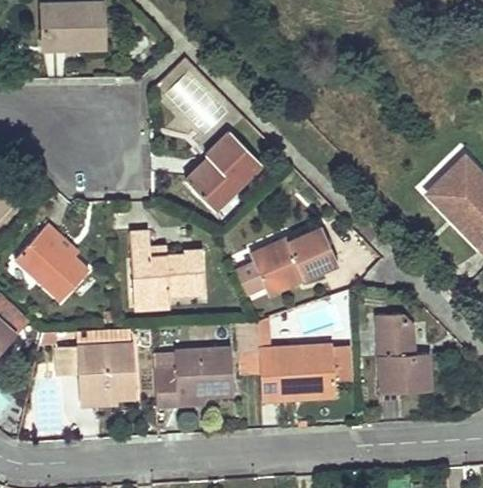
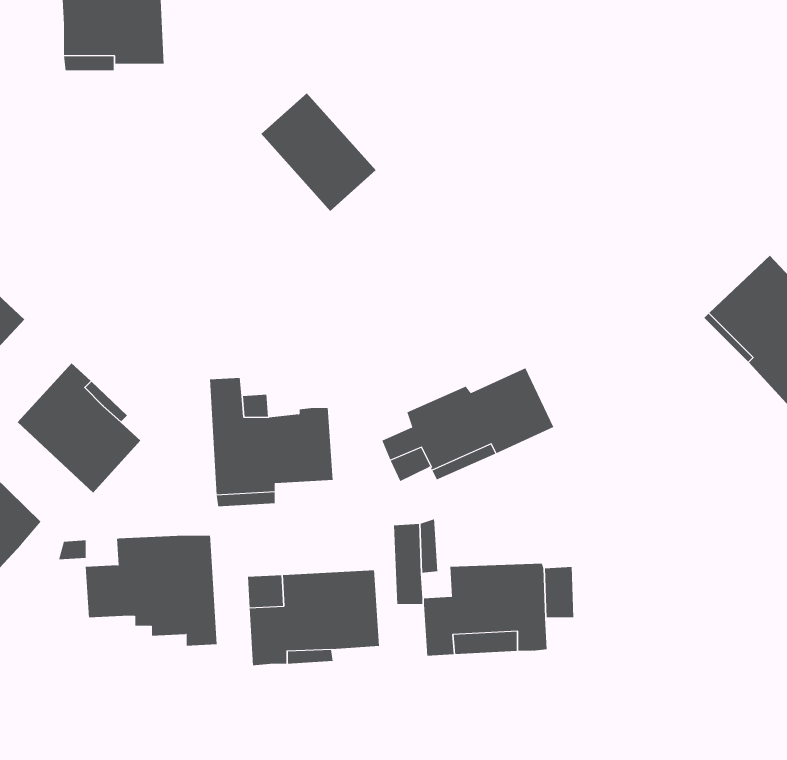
building: [185,133,260,211] -> none
building: [377,313,431,394] -> none
building: [78,377,135,409] -> none

